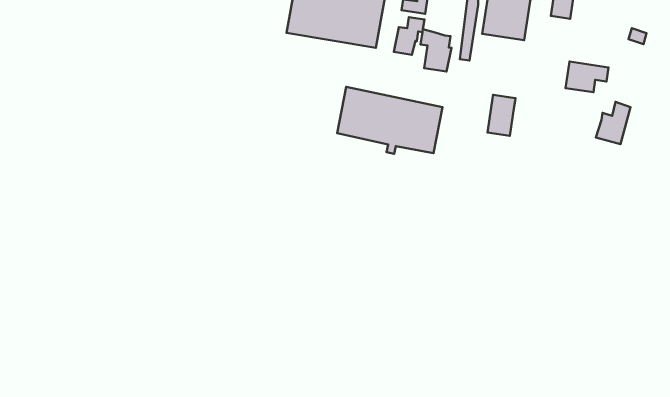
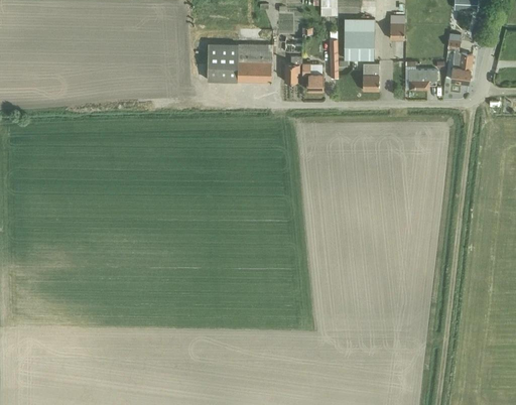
building: [337,87,443,154] -> none
building: [487,95,515,136] -> [363,63,379,91]
building: [596,102,631,144] -> [450,53,472,83]

